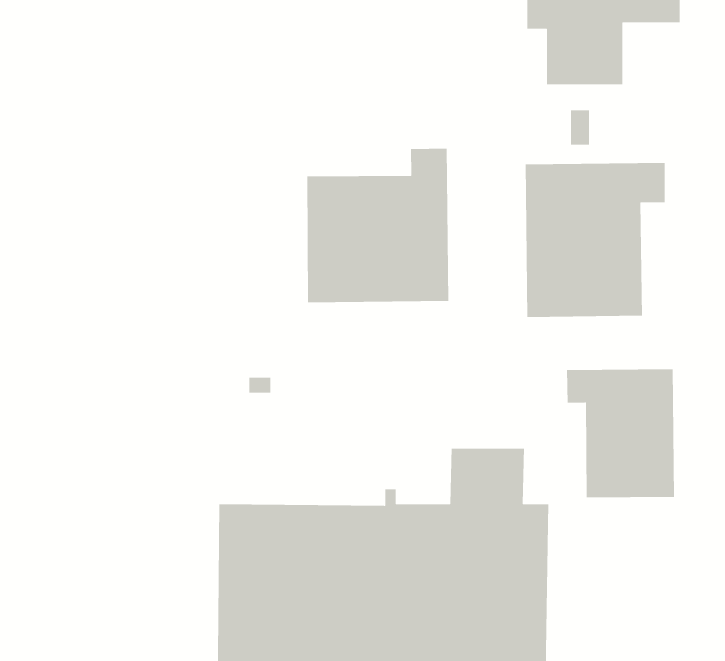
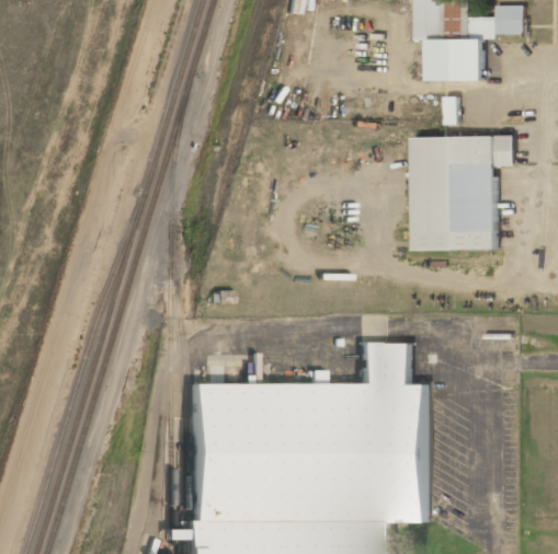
building: [306,148,449,303] -> none
building: [566,369,675,498] -> none

